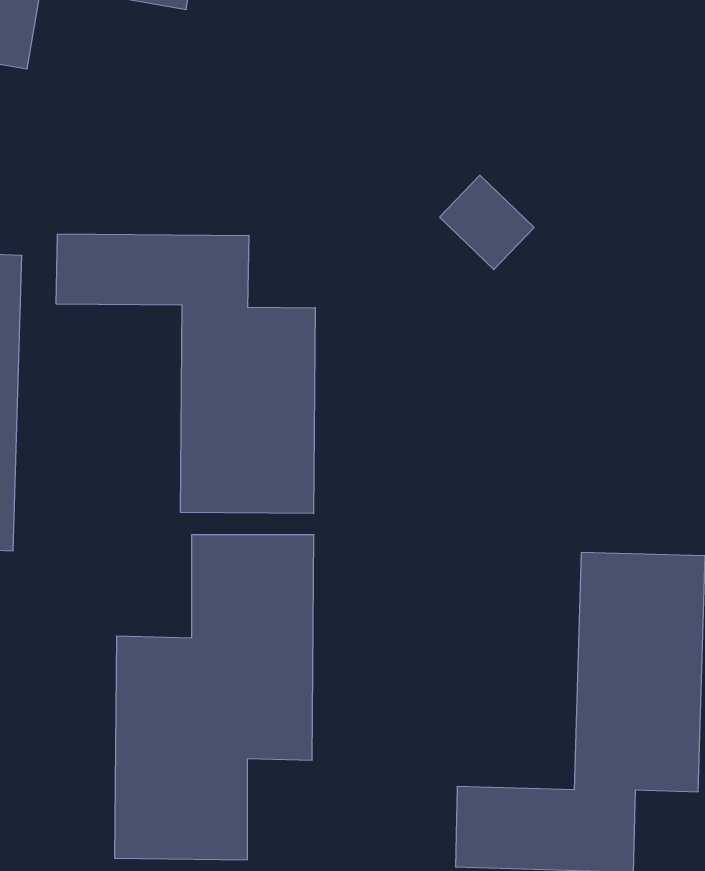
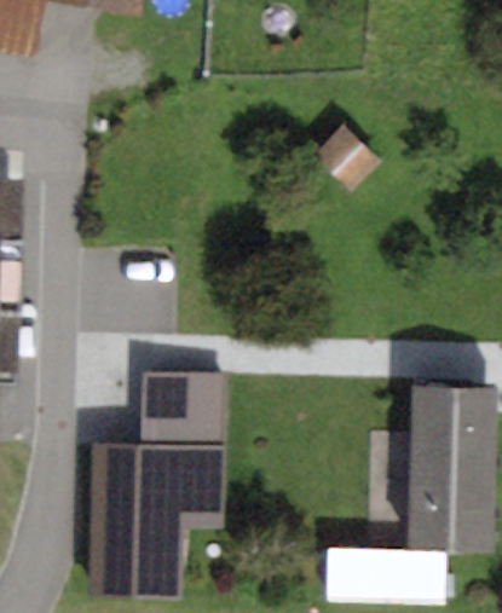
building: [56,234,315,514] -> none

